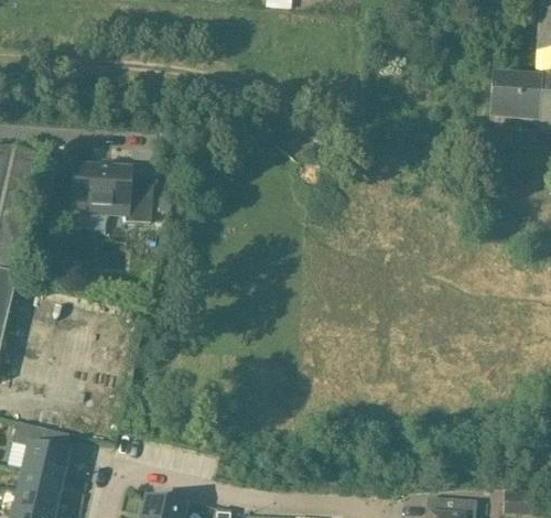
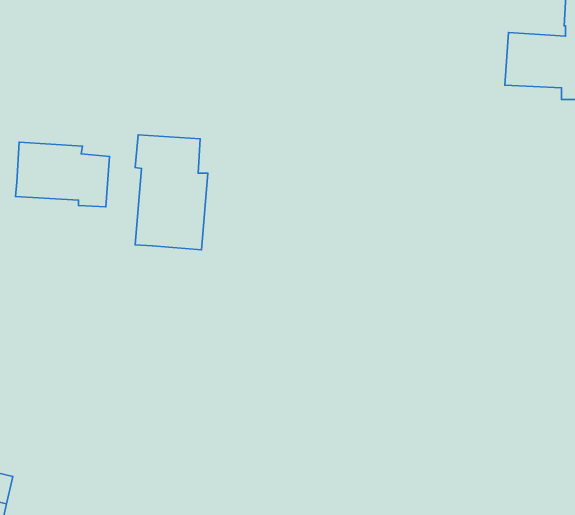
building: none -> [135,135,208,250]

